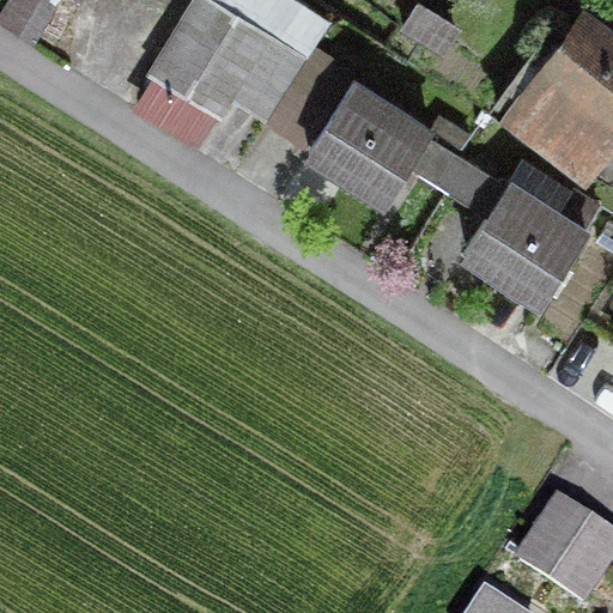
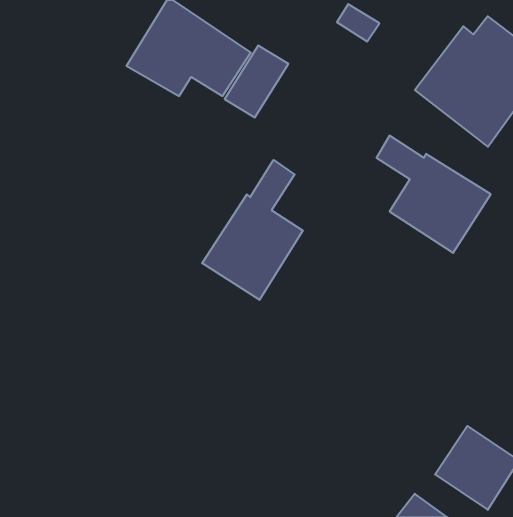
building: [309,81,466,199] -> none
building: none -> [202,160,303,300]

